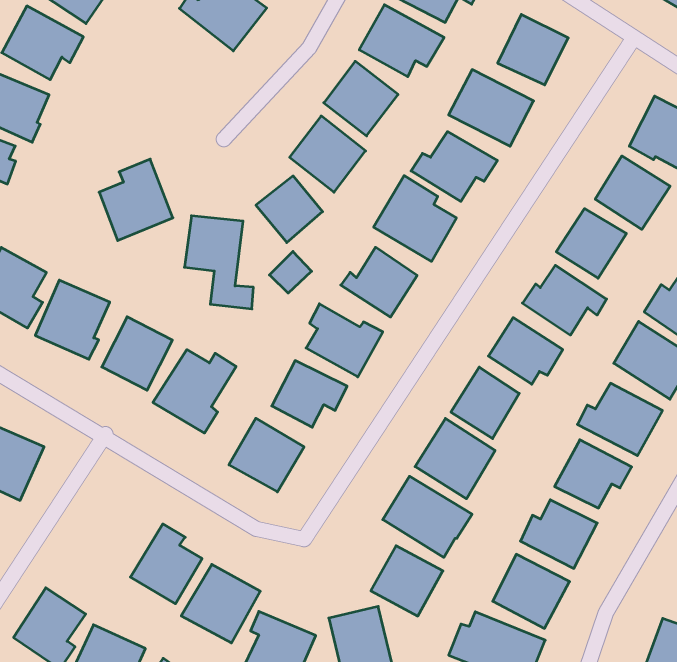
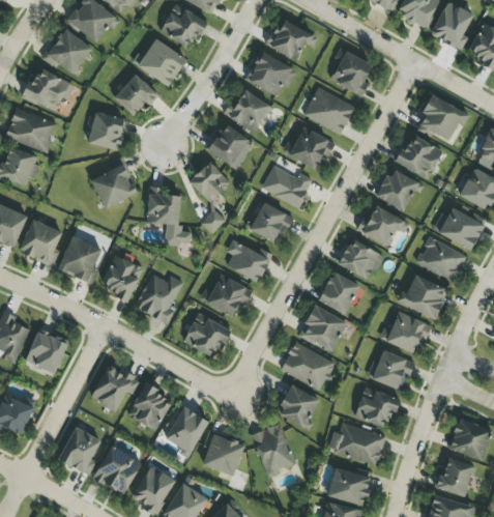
building: none -> [113,73,159,115]
building: none -> [89,112,125,149]
building: none -> [90,365,140,411]

